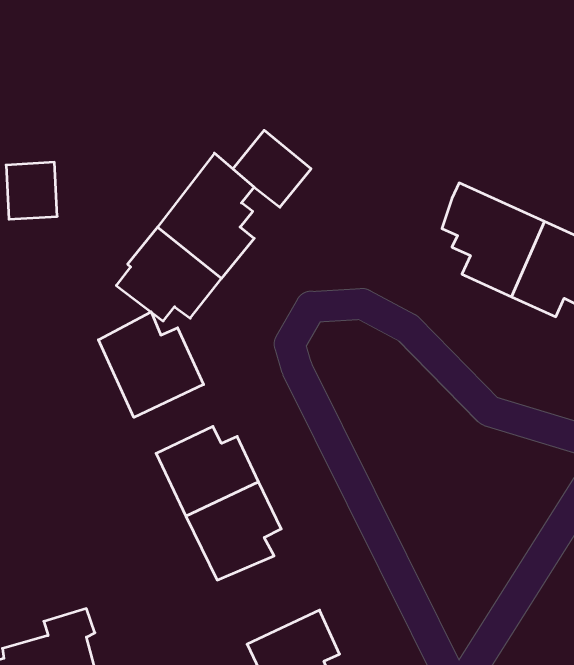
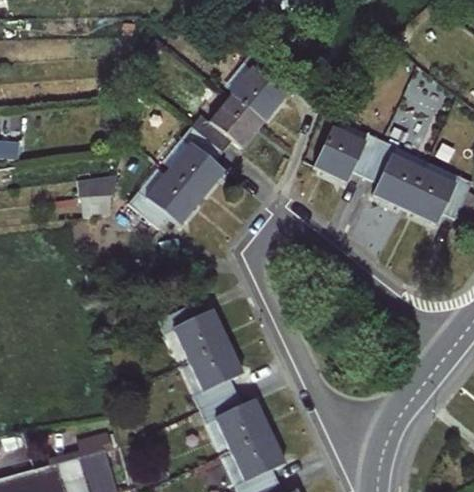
building: none -> [221,52,287,124]
building: [6,162,57,219] -> [83,175,119,215]
building: none -> [314,130,364,186]
building: [98,312,204,417] -> none
building: none -> [199,396,271,458]

